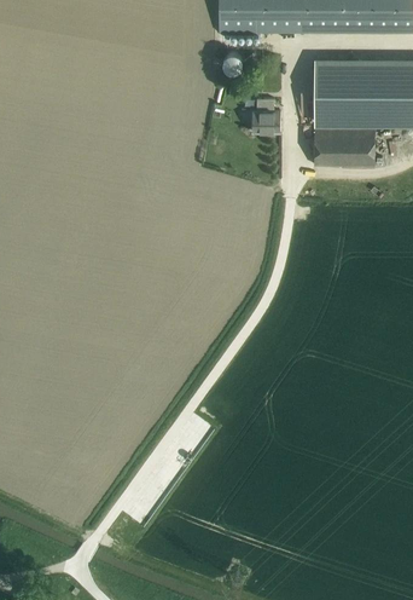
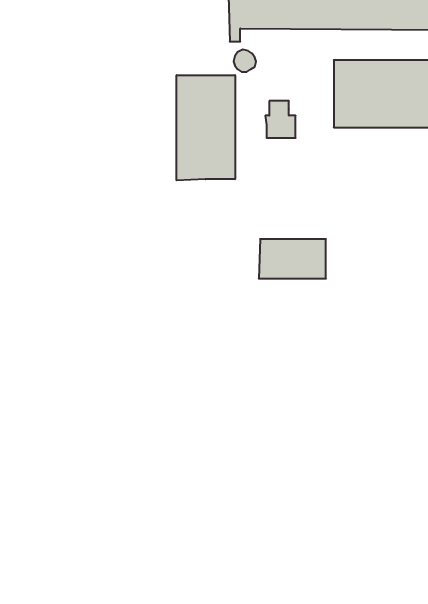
building: none -> [177,75,235,180]
building: [314,128,376,165] -> [259,239,326,279]

